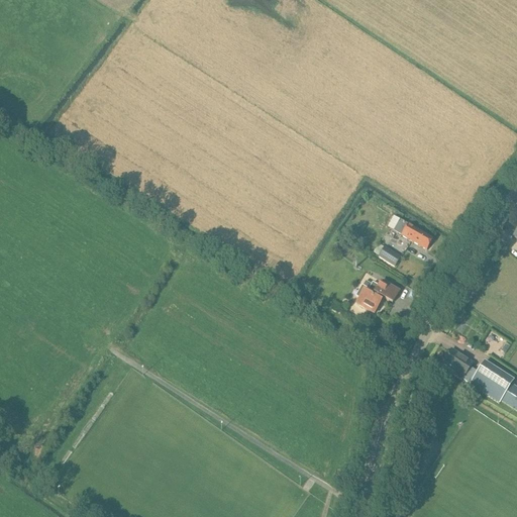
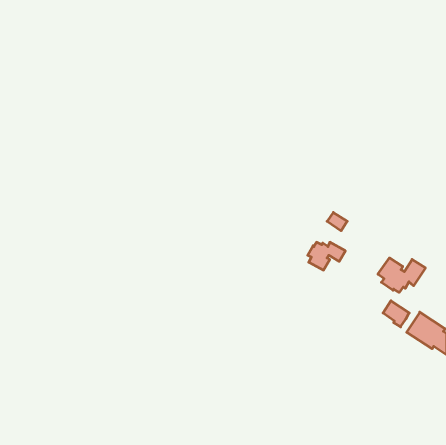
building: [394,218,434,248] -> none
building: none -> [378,258,425,292]

